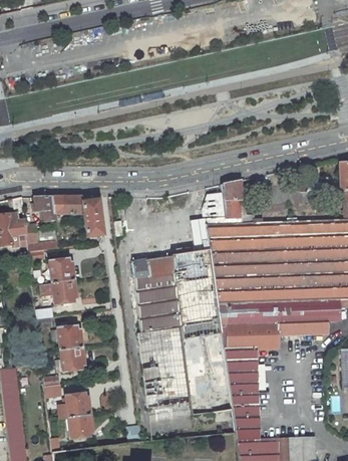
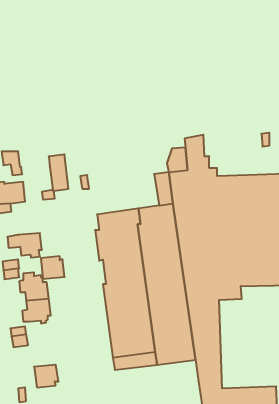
building: [51,196,83,212] -> none
building: [49,258,73,281] -> [41,256,65,279]
building: [58,393,89,417] -> none

